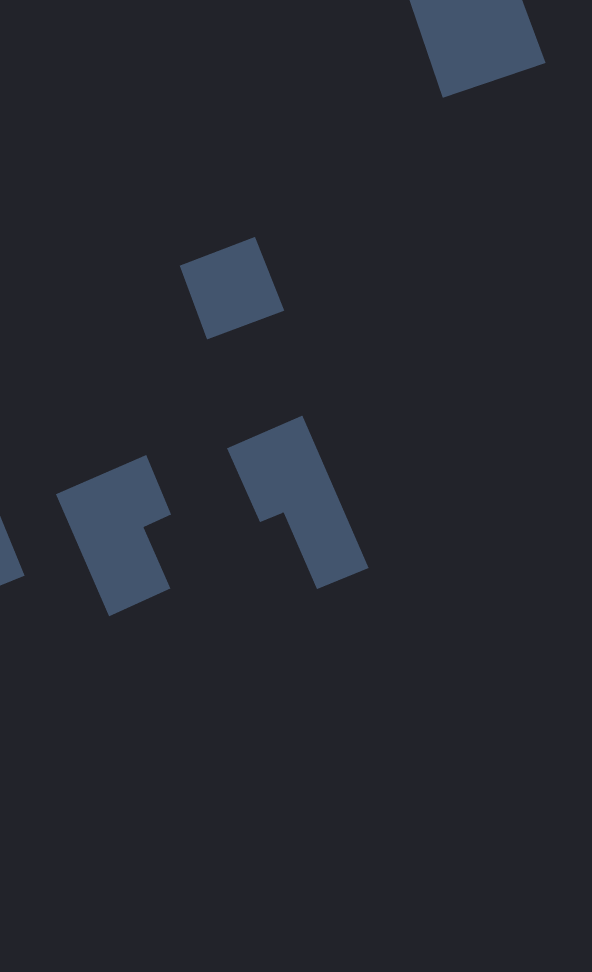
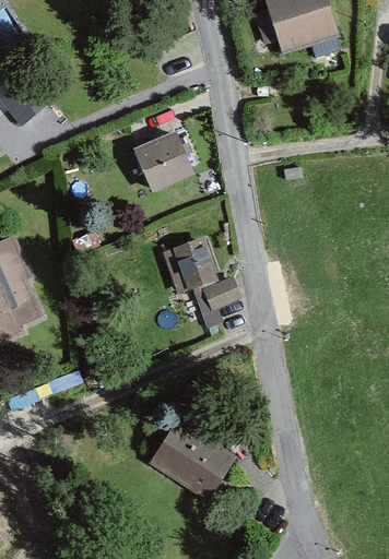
building: [55,454,172,617] -> none
building: none -> [148,417,233,496]

